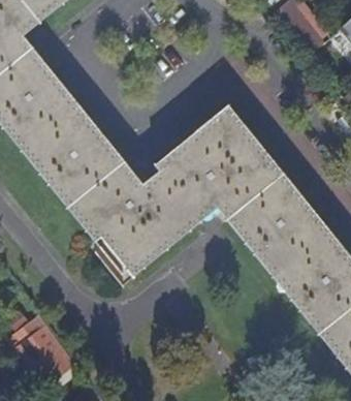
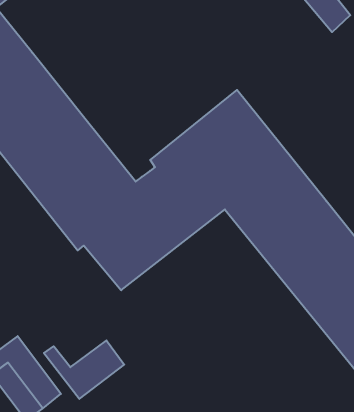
building: none -> [44,340,124,399]

